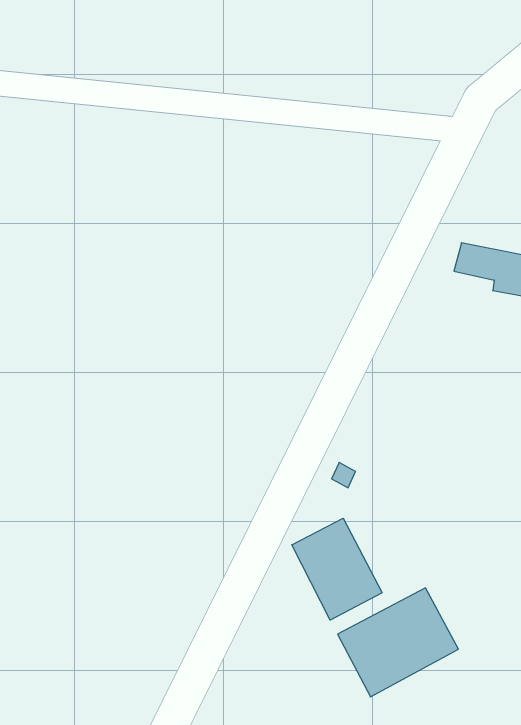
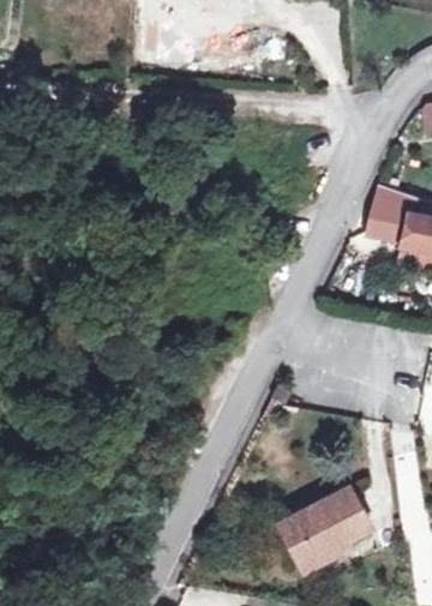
building: [292,518,382,620] -> none

